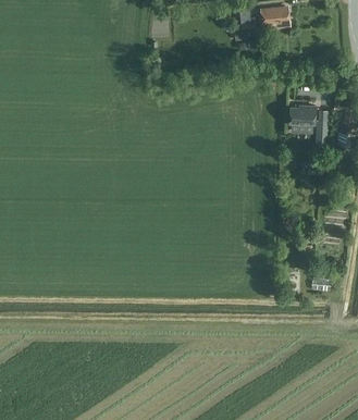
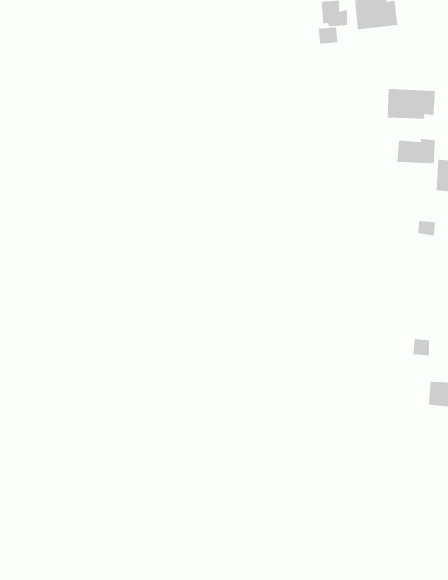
building: none -> [387,88,435,119]

